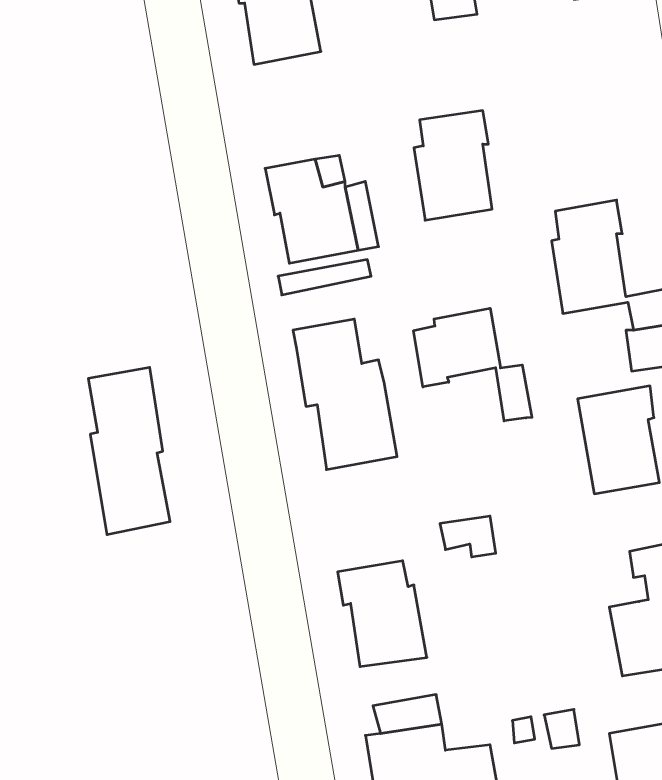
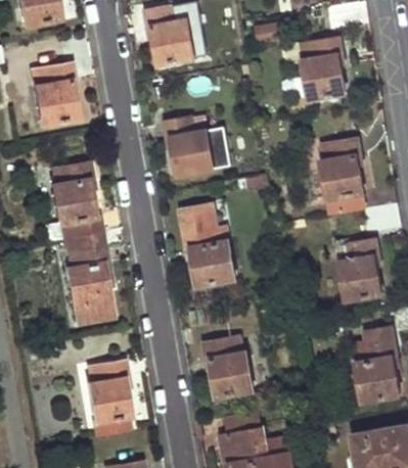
building: none -> [33,61,77,123]
building: [414,111,492,220] -> [301,39,344,99]
building: none -> [45,160,100,240]
building: [414,308,532,421] -> none
building: none -> [84,361,132,436]

